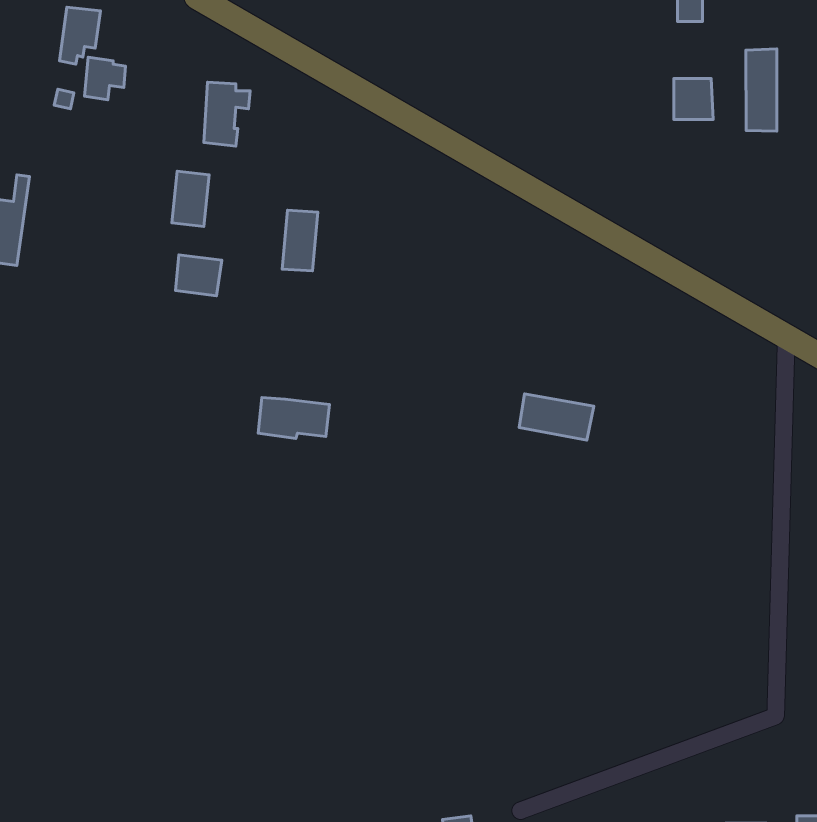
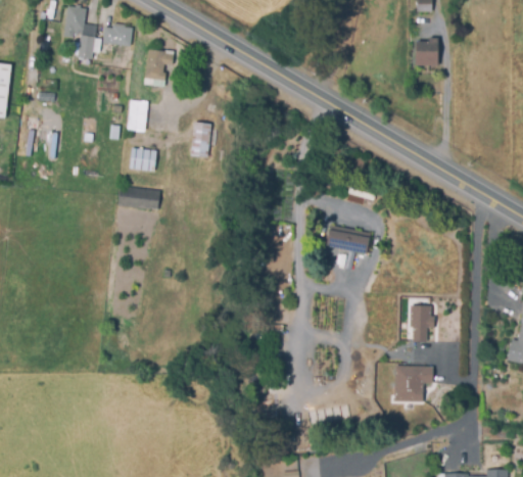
building: none -> [102,26,132,46]
building: [746,49,777,131] -> none
building: [258,397,330,438] -> [116,186,157,209]
building: none -> [412,304,435,341]
building: none -> [396,366,433,400]

